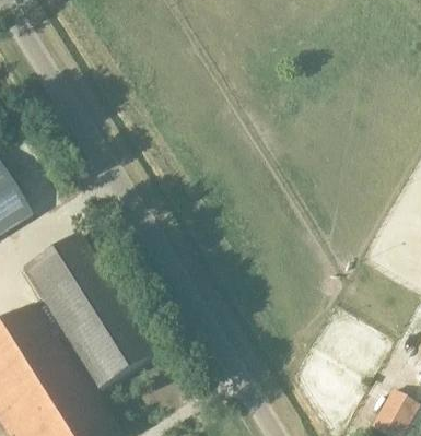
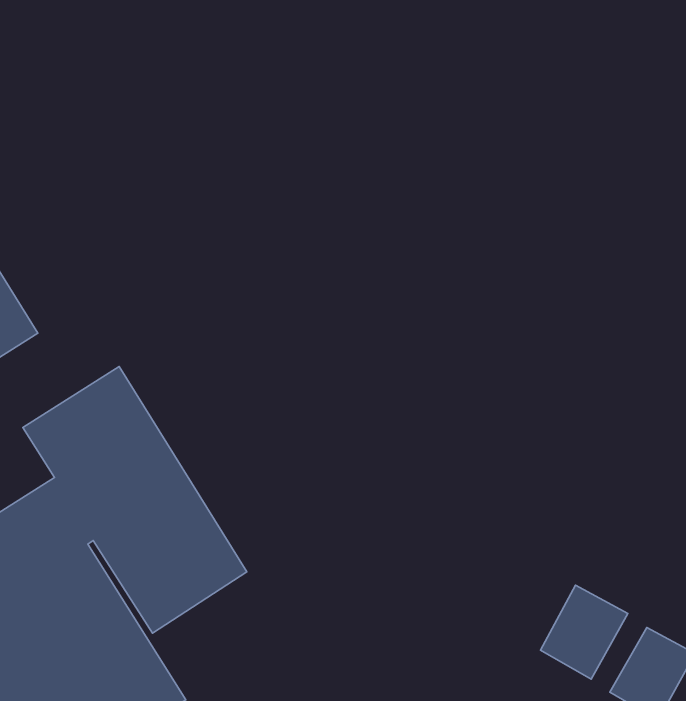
building: none -> [540,585,628,679]

